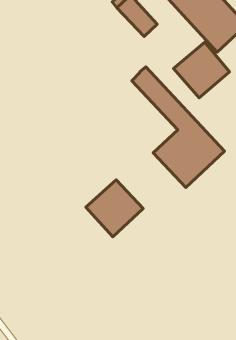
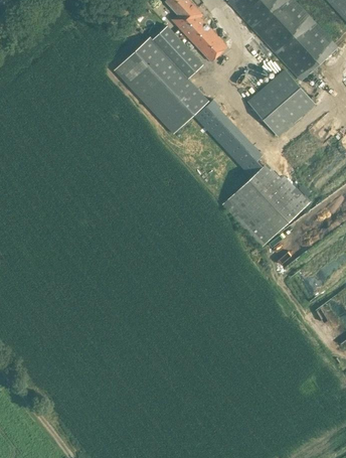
building: none -> [114,26,207,134]
building: [86,180,143,237] -> none

